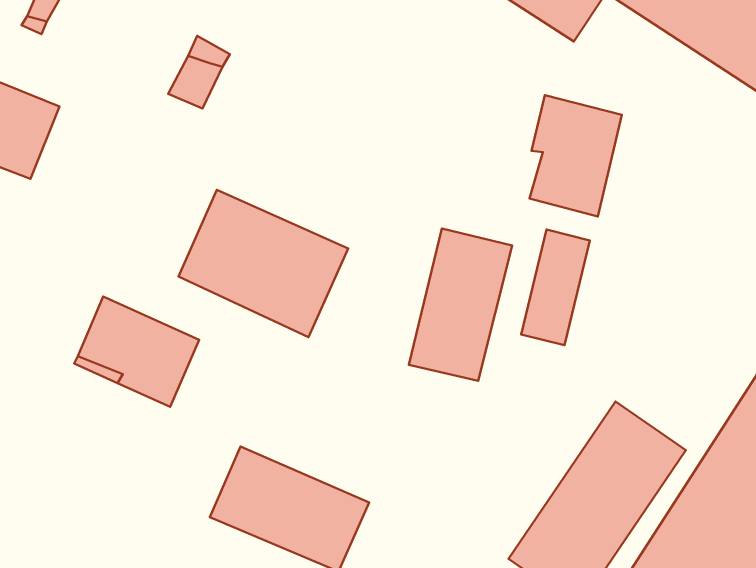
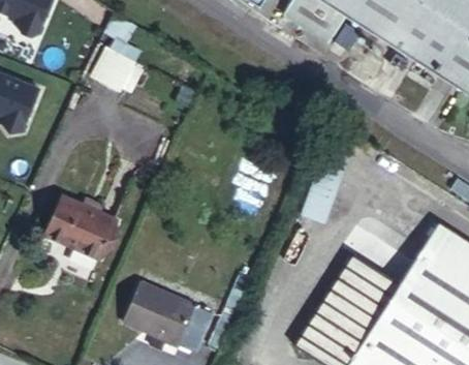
building: [530,95,622,216] -> none
building: [179,190,348,337] -> none
building: [409,228,512,381] -> none

